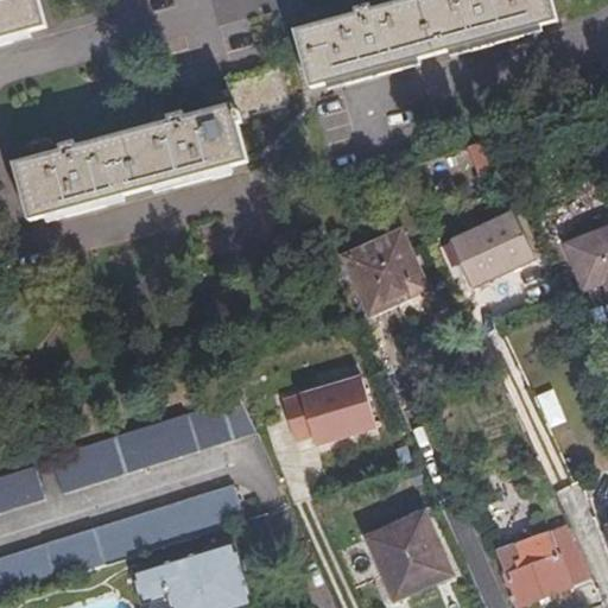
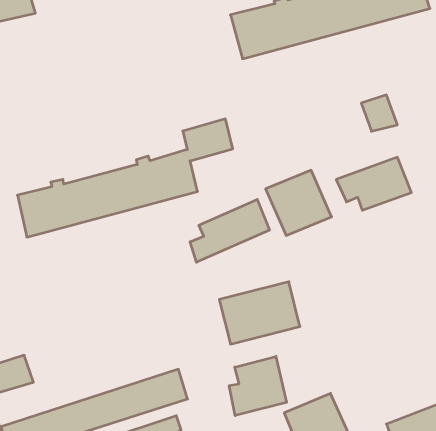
building: [13,66,289,217] -> [17,119,233,237]
building: none -> [190,199,269,262]
building: [51,395,255,493] -> none
building: none -> [229,356,287,416]

